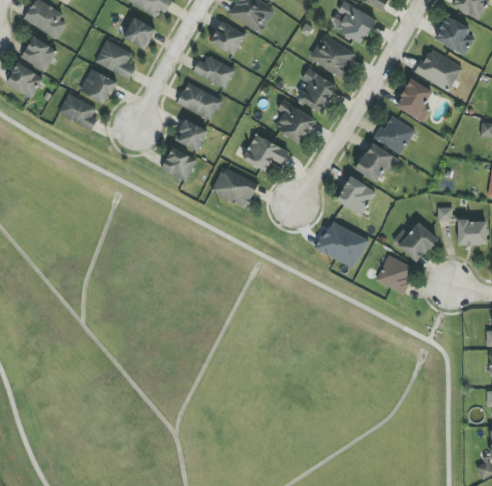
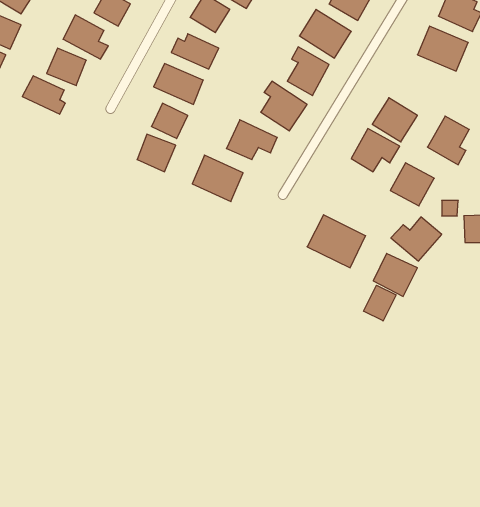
building: [395,78,433,122] -> [427,116,469,165]
building: [336,176,376,215] -> [390,163,434,206]
building: none -> [364,285,396,321]

